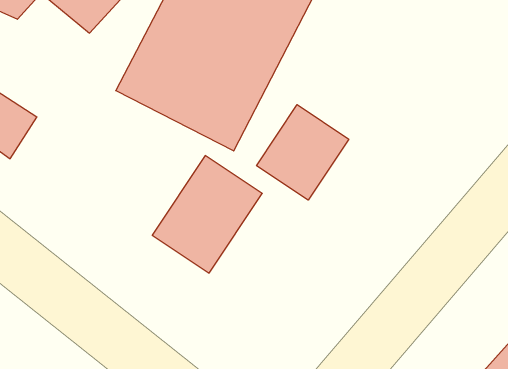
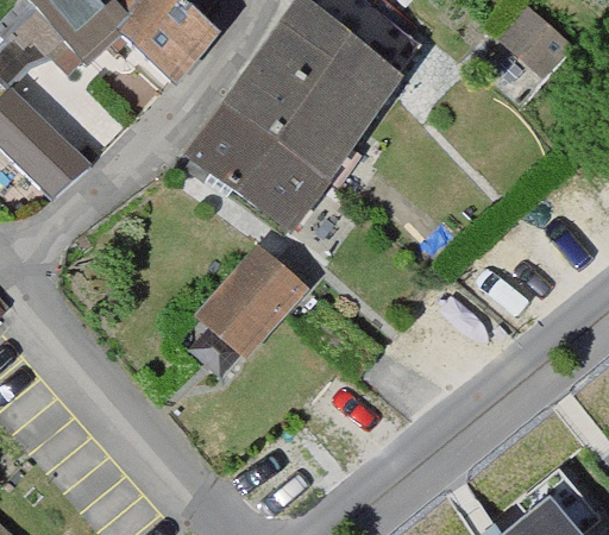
building: [257,105,349,200] -> none

